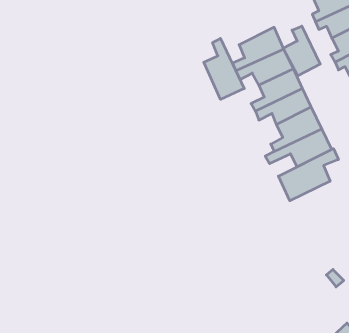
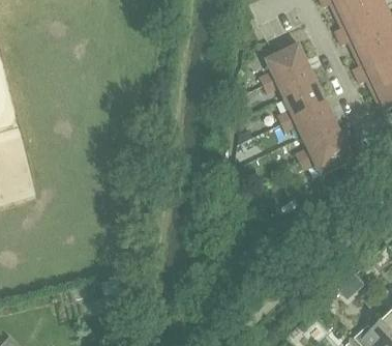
building: [283,26,320,76] -> none
building: [204,38,244,99] -> none
building: [278,149,338,201] -> none

